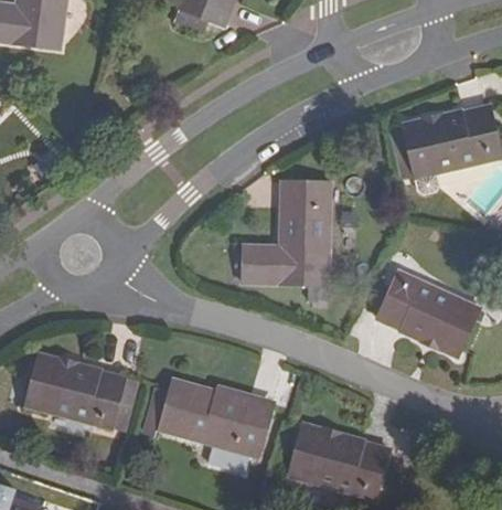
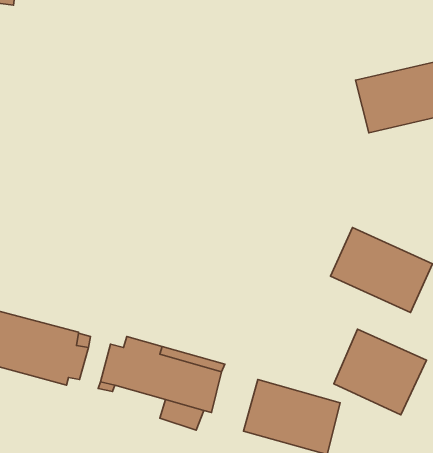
building: [244,182,331,284] -> none
building: none -> [334,329,427,415]

